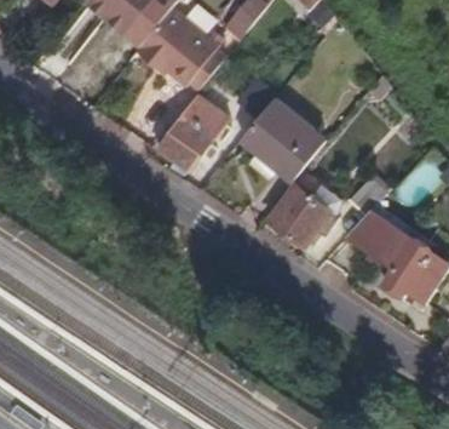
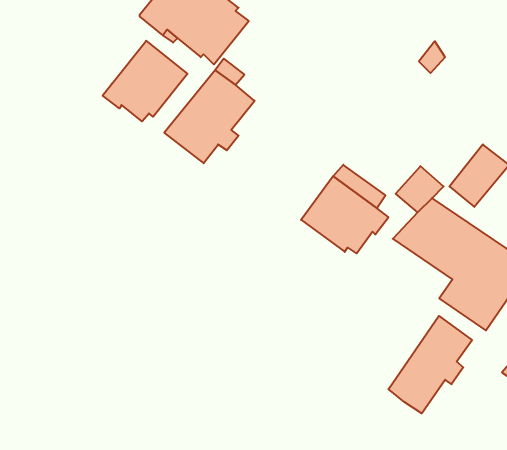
building: none -> [103,41,187,121]
building: [240,105,316,178] -> none
building: none -> [388,316,472,413]

